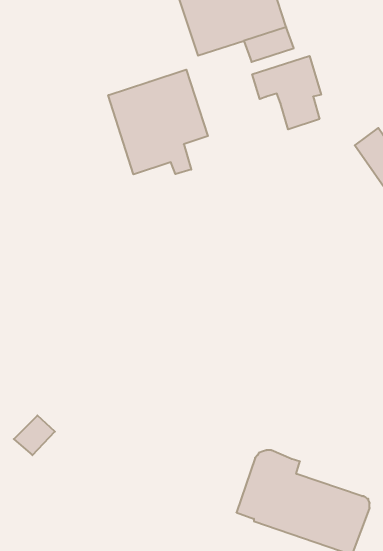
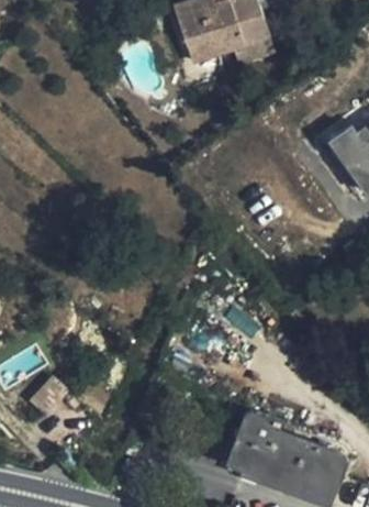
building: [252,56,321,129] -> none
building: [108,70,208,174] -> none

